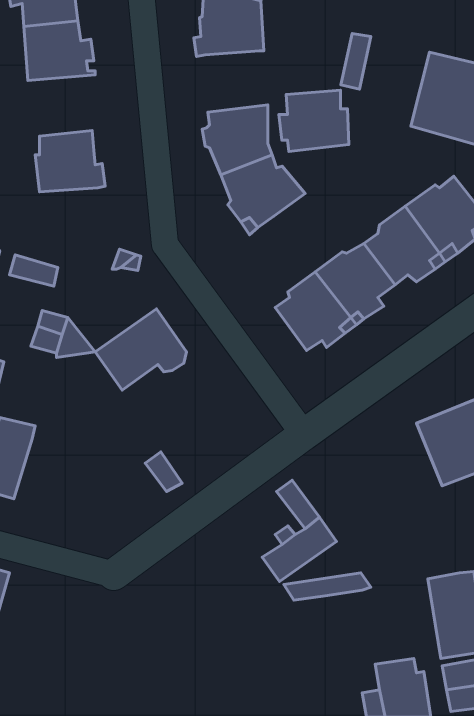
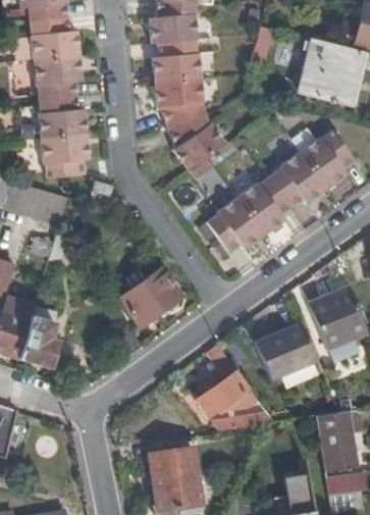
building: none -> [31,55,80,99]
building: [279,90,349,152] -> [152,38,202,82]
building: none -> [39,136,88,182]
building: [95,309,187,390] -> [119,269,184,327]
building: none -> [20,315,57,366]
building: none -> [257,324,318,382]
building: none -> [149,448,200,509]

